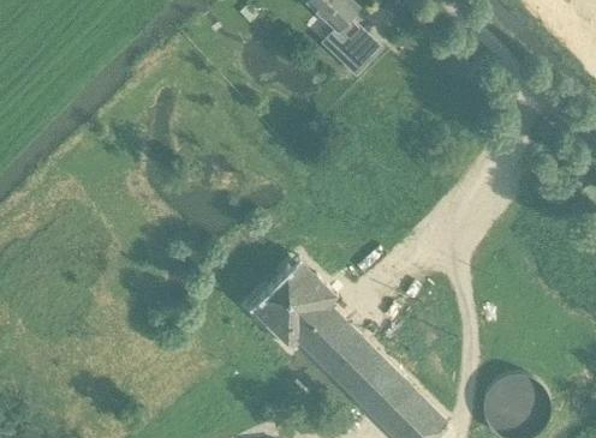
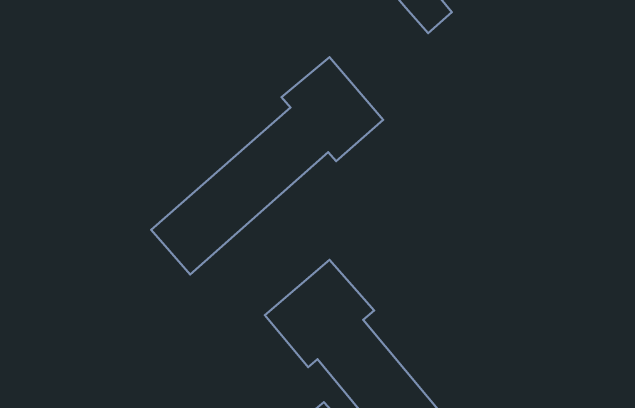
building: none -> [151,57,383,275]

